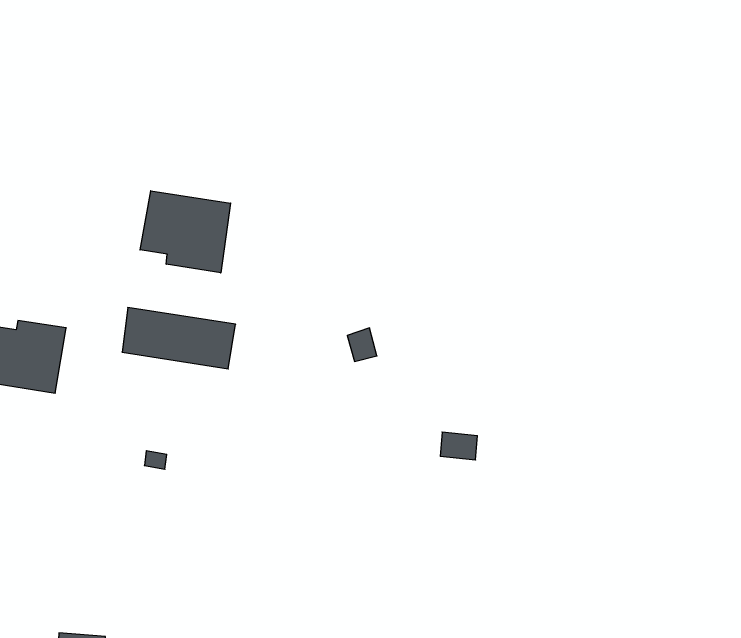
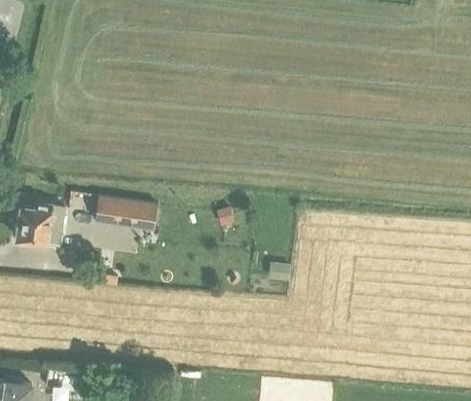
building: [140,191,231,273] -> none

